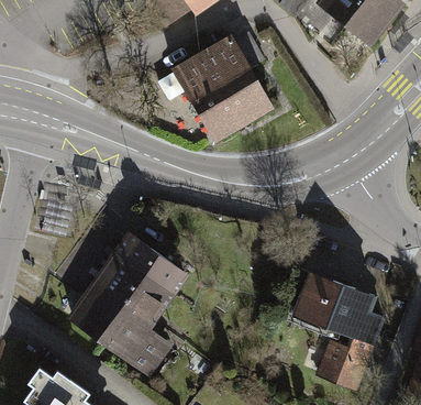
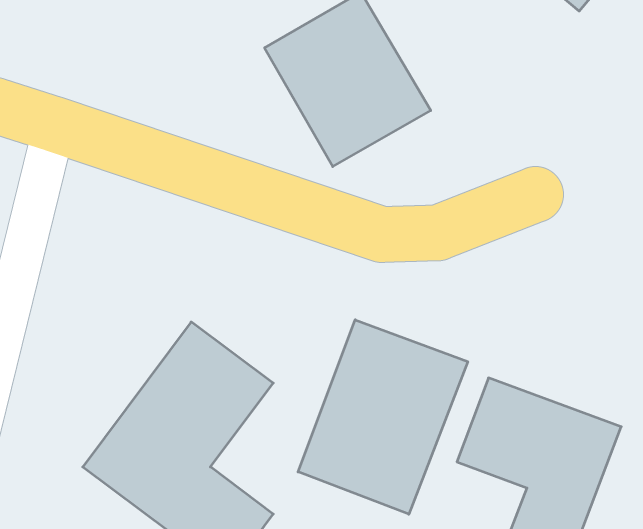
building: none -> [298,320,468,514]

